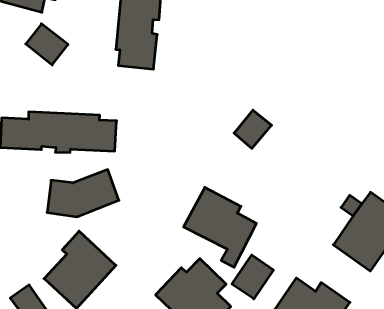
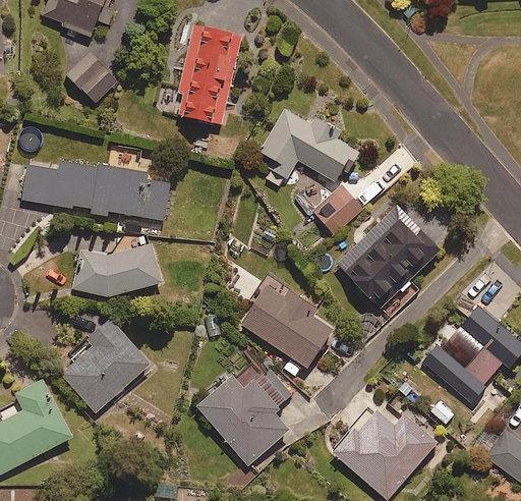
building: none -> [260,110,354,188]
building: none -> [337,203,441,308]
building: [232,255,273,299] -> none

